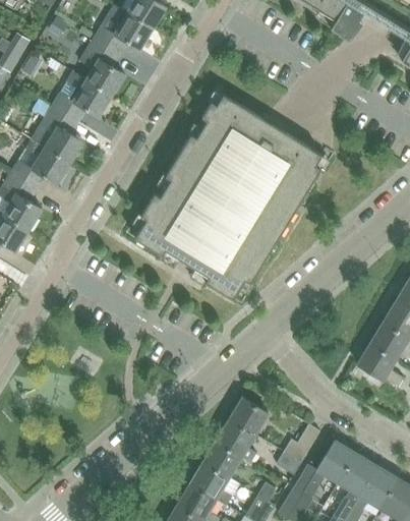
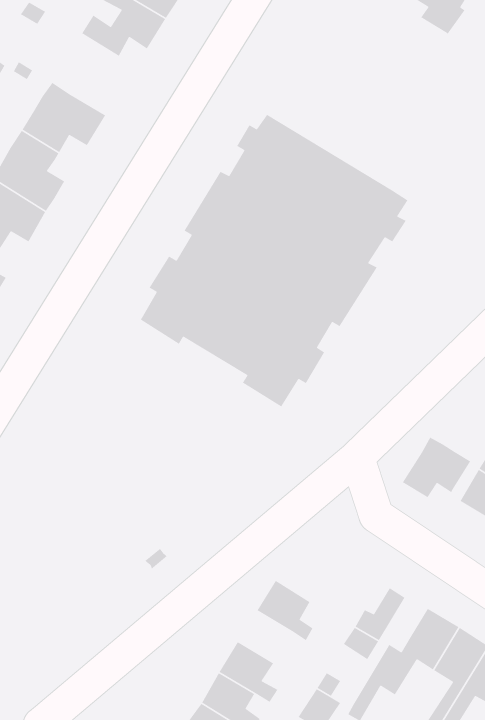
building: [79,39,124,96] -> none
building: none -> [402,437,471,498]
building: [229,397,267,435] -> none
building: [202,441,241,477] -> none

